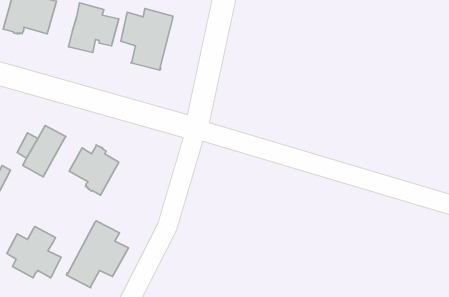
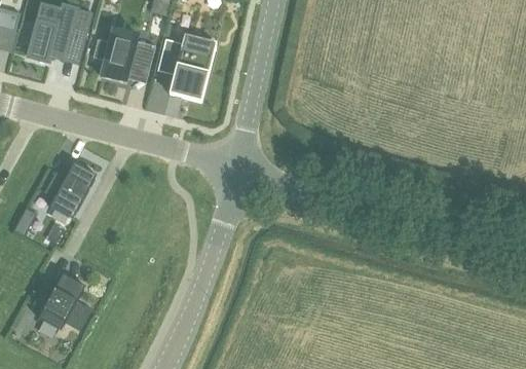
building: [69,145,119,195] -> none
building: [67,221,129,288] -> none

